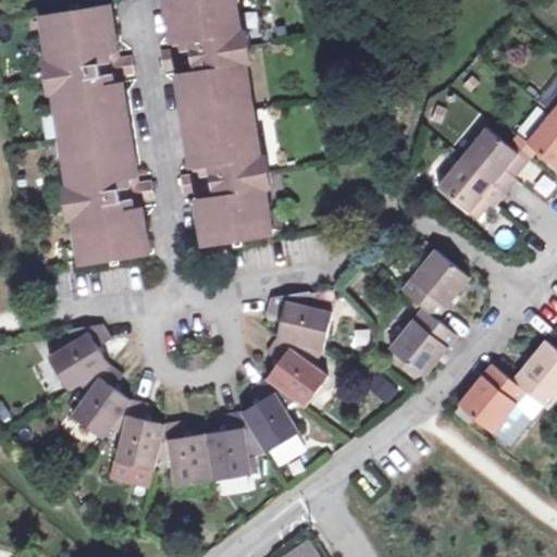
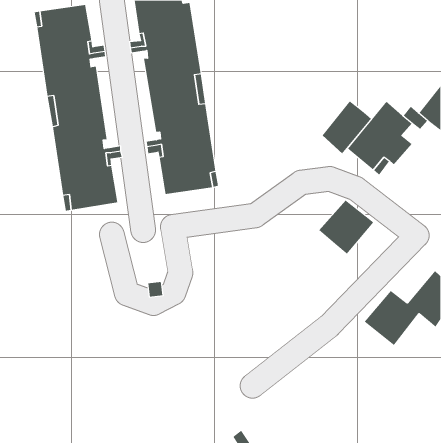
building: none -> [322,101,372,154]
building: [46,294,331,485] -> none
building: [389,309,457,377] -> none

